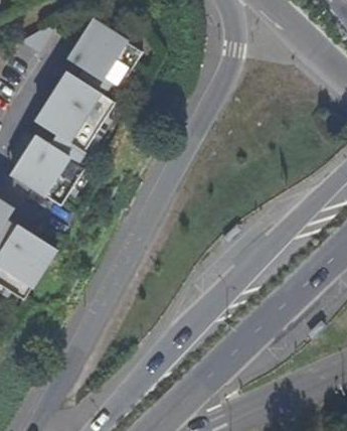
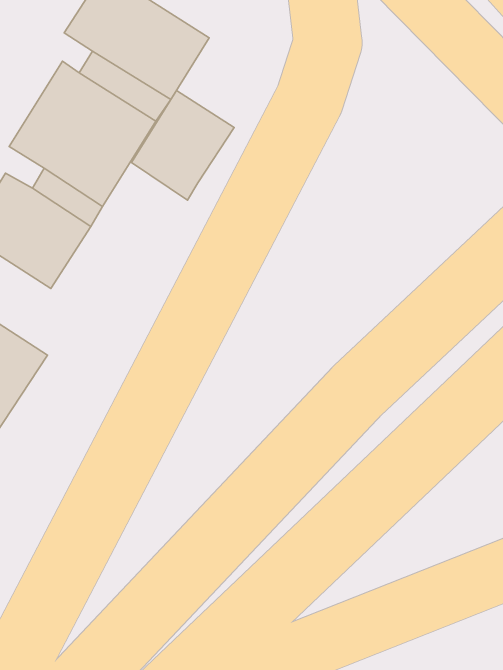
building: none -> [131,90,234,200]

